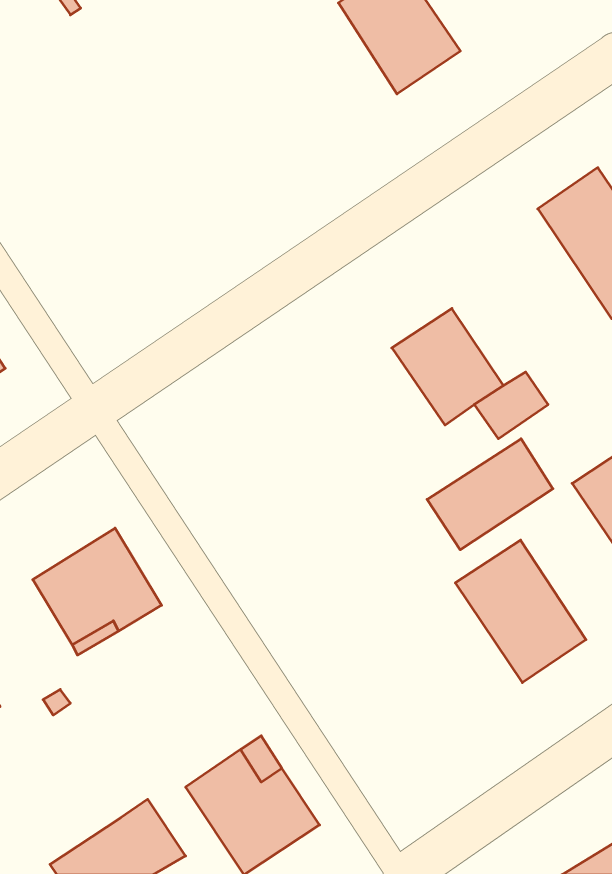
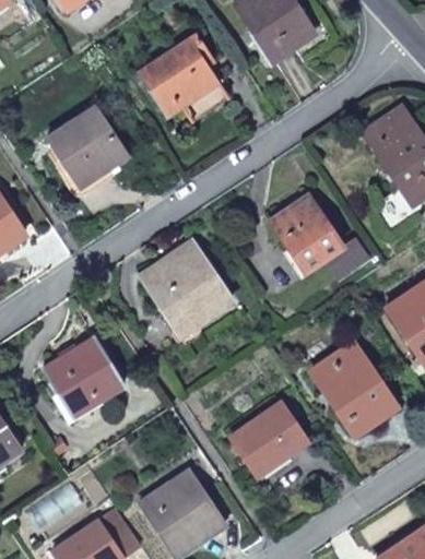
building: none -> [137,33,231,122]
building: none -> [47,106,128,187]
building: none -> [146,246,233,333]
building: [427,439,553,550] -> none
building: none -> [233,404,307,476]

